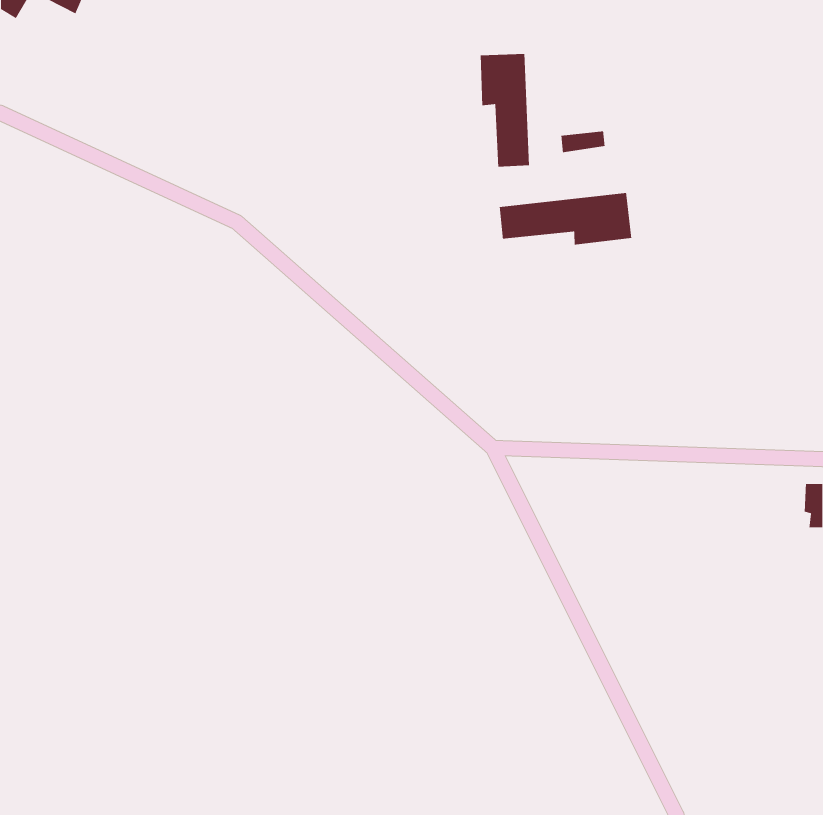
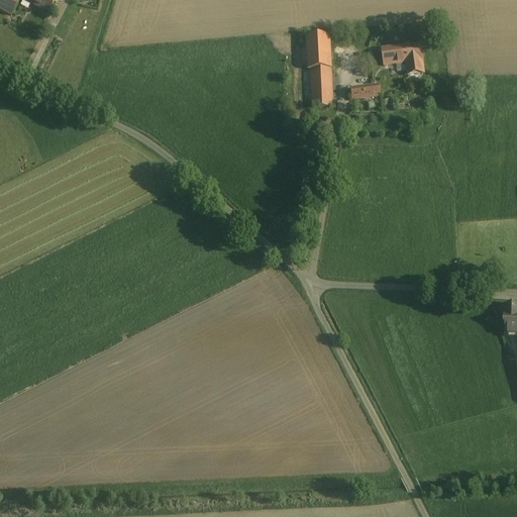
building: none -> [382,40,425,73]
building: [499,192,632,246] -> none

